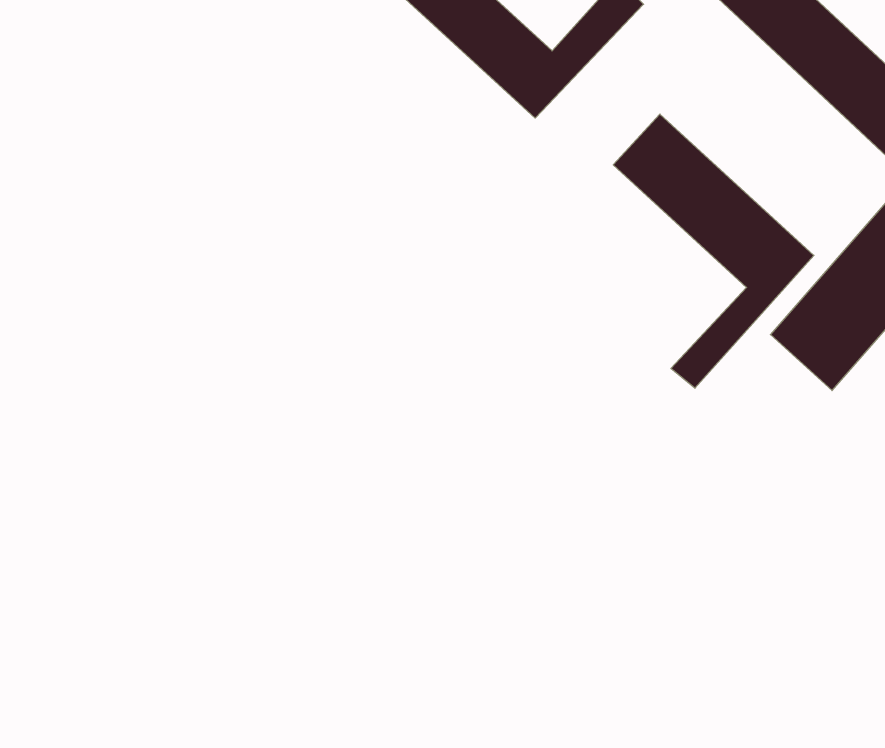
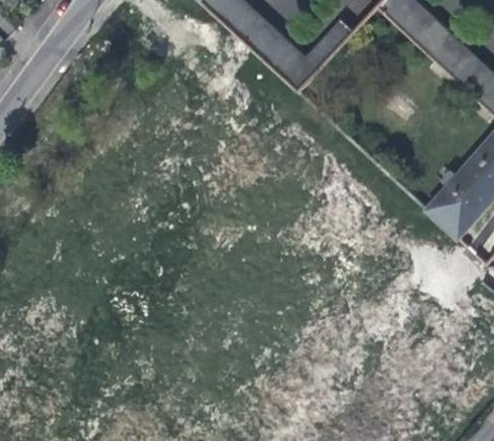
building: [613,114,814,388] -> none

